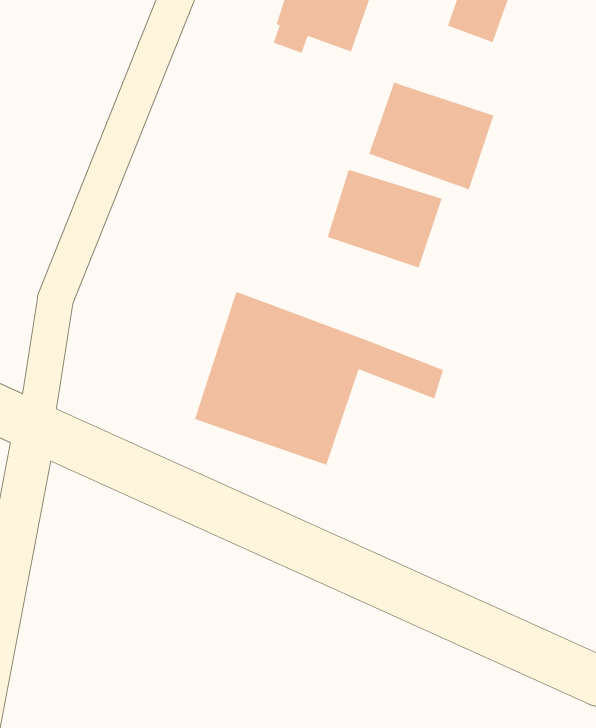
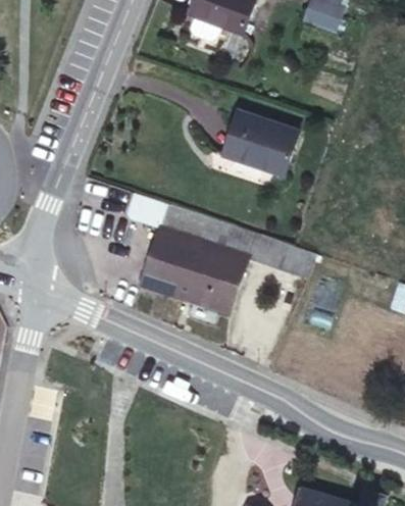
building: [368,82,494,190] -> none

